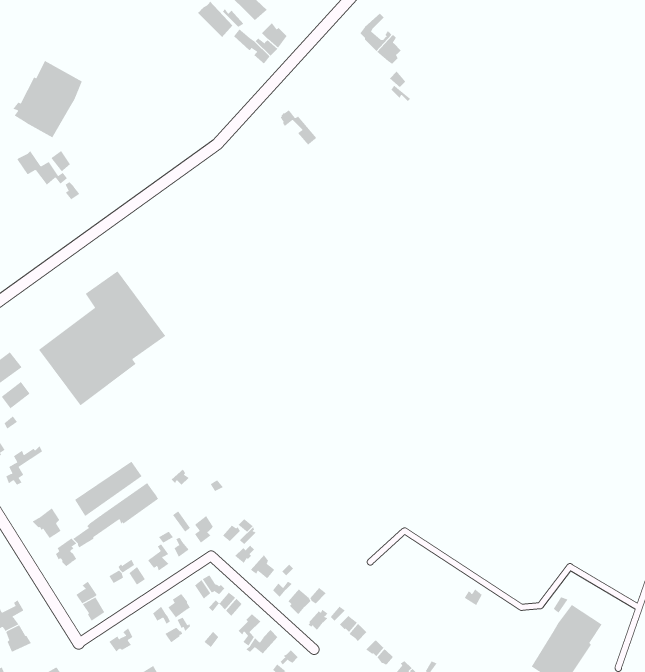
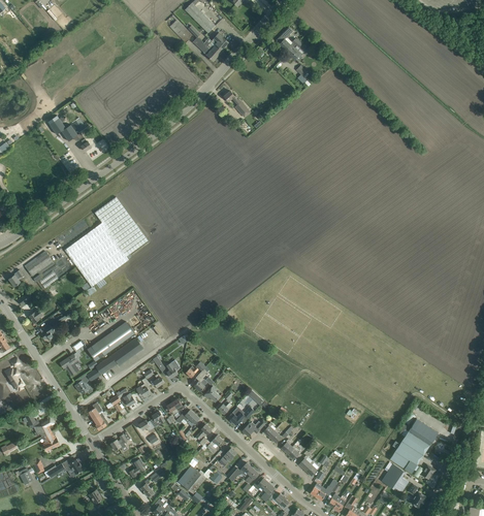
building: [13,60,83,138] -> none

